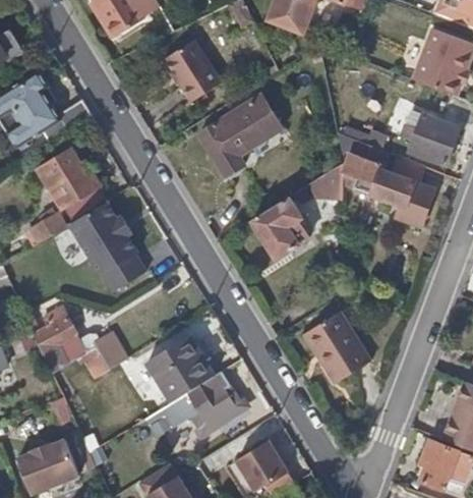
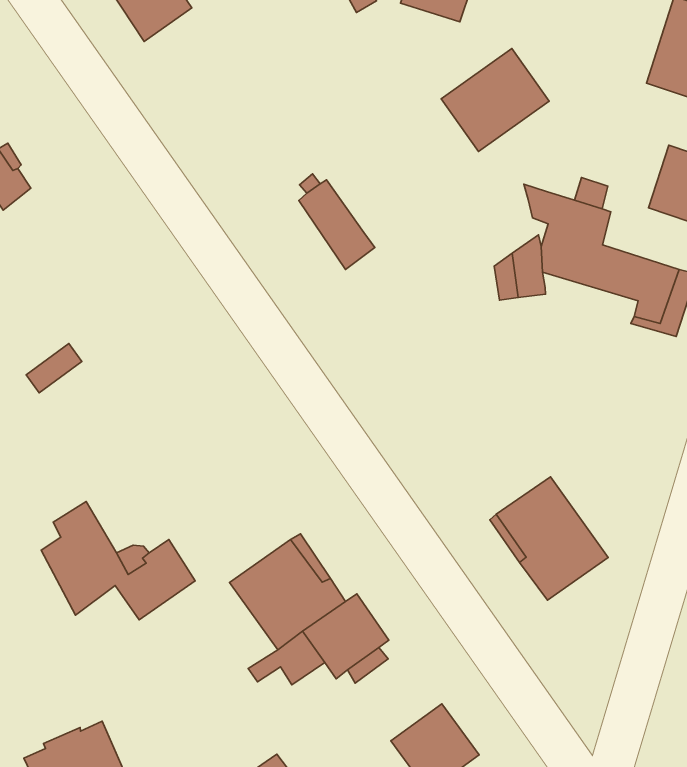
building: [166,38,223,99] -> none
building: [218,97,282,157] -> [441,49,549,151]
building: [40,150,99,209] -> none
building: [251,197,309,259] -> none
building: [69,203,147,293] -> none

